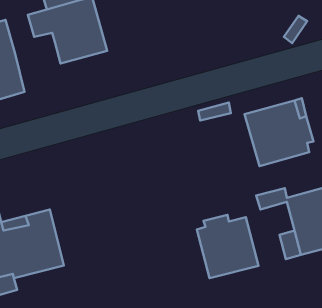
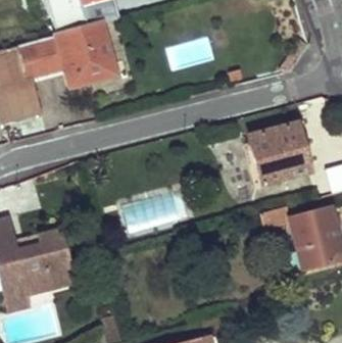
building: none -> [17,40,65,78]
building: [197,215,259,278] -> none

